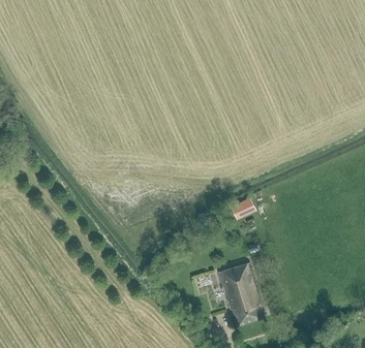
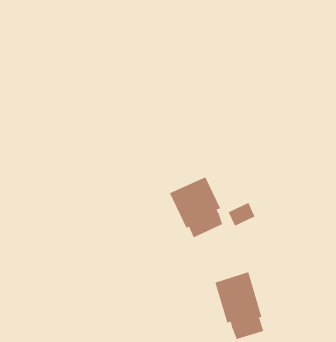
building: none -> [169,176,224,238]

